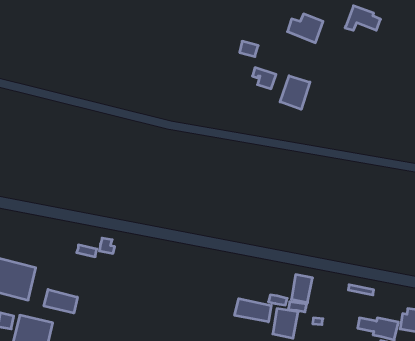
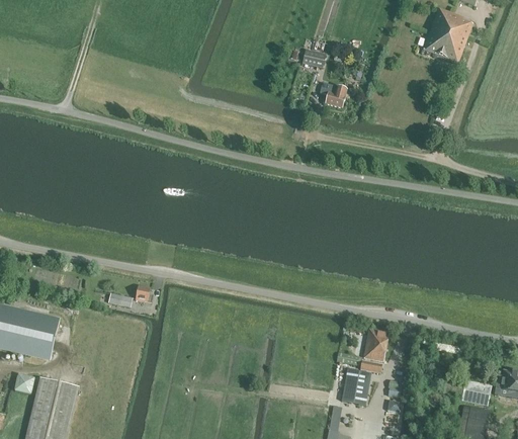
building: [287,14,323,43] -> [422,27,464,62]
building: [280,76,310,109] -> none
building: [44,289,77,313] -> none
building: [235,299,271,322] -> none

